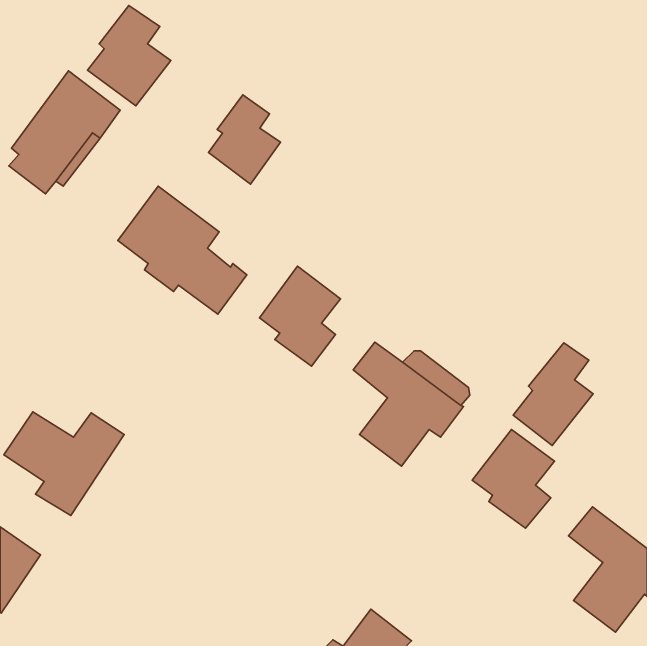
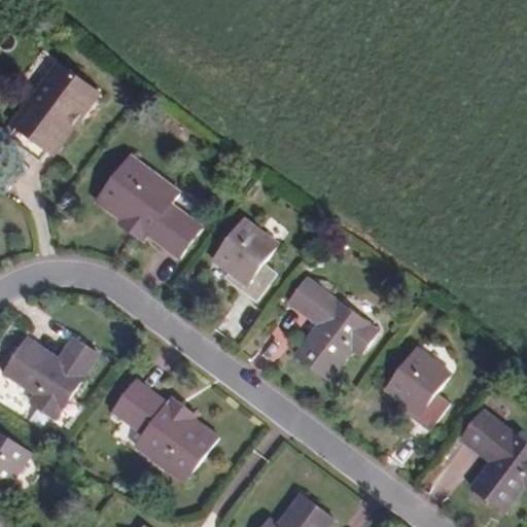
building: [88,6,171,106] -> none
building: [208,95,281,184] -> none
building: [513,343,593,445] -> none
building: none -> [111,380,216,483]

